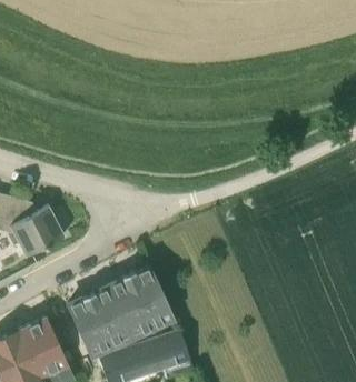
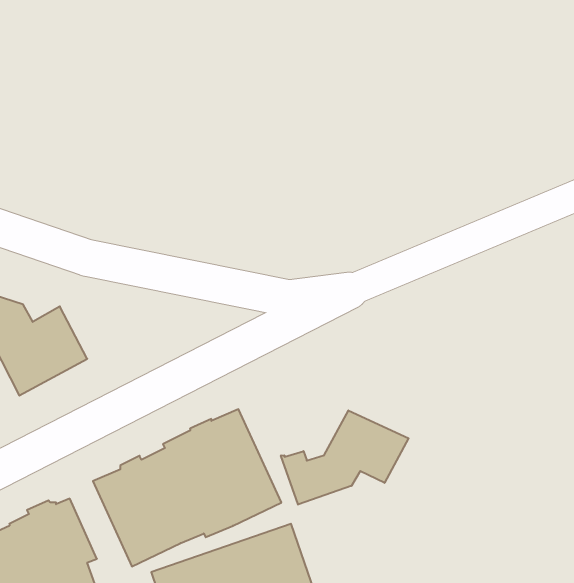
building: none -> [281,410,409,505]

